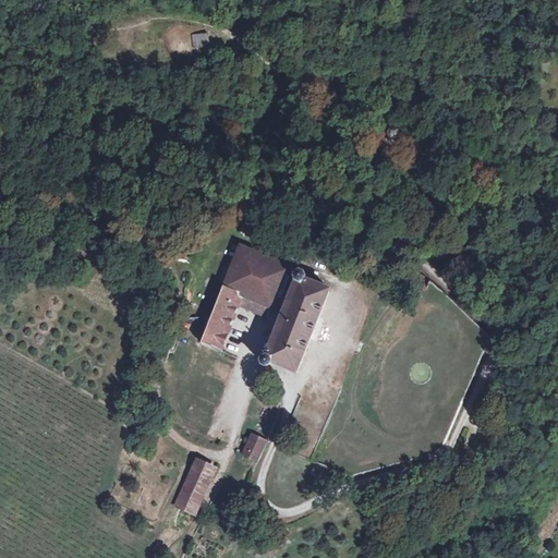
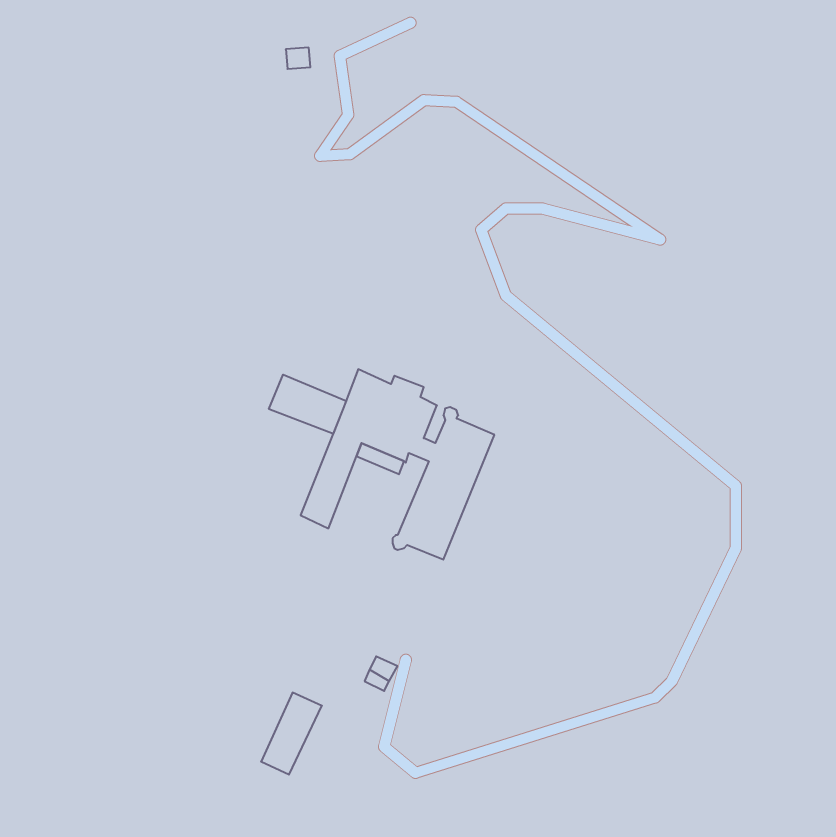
building: none -> [269,375,346,434]

